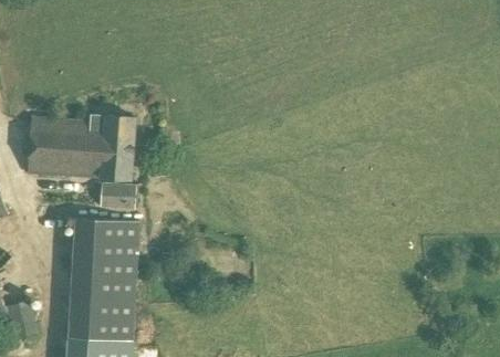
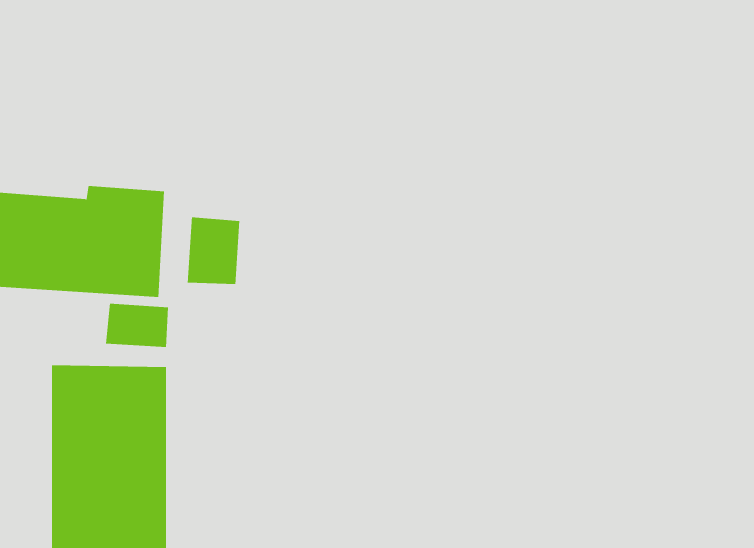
building: none -> [187,217,240,285]

